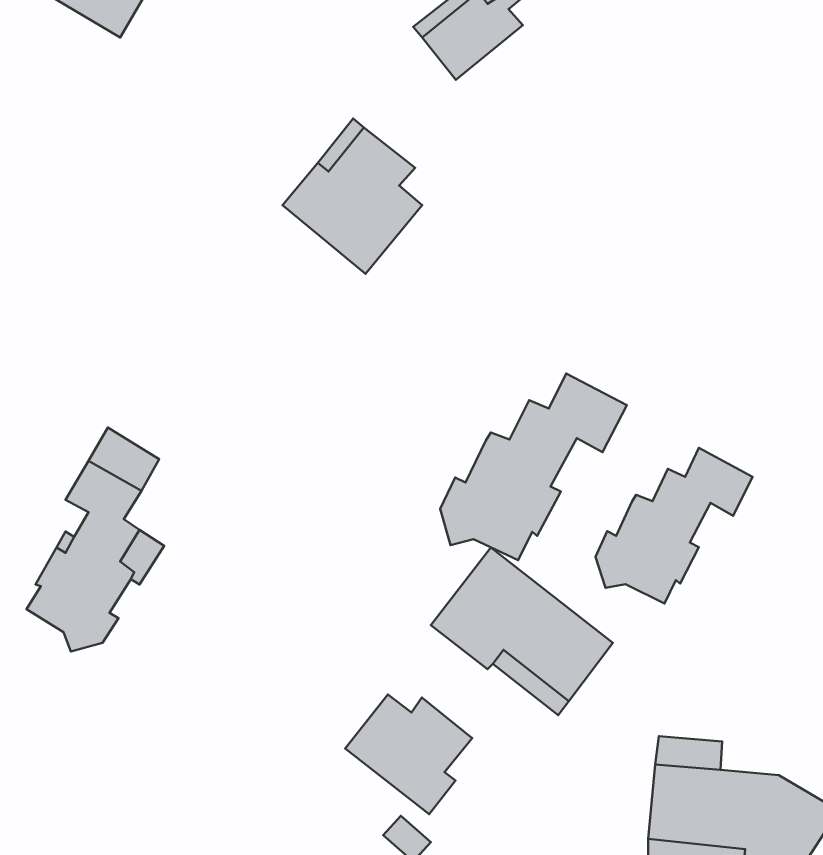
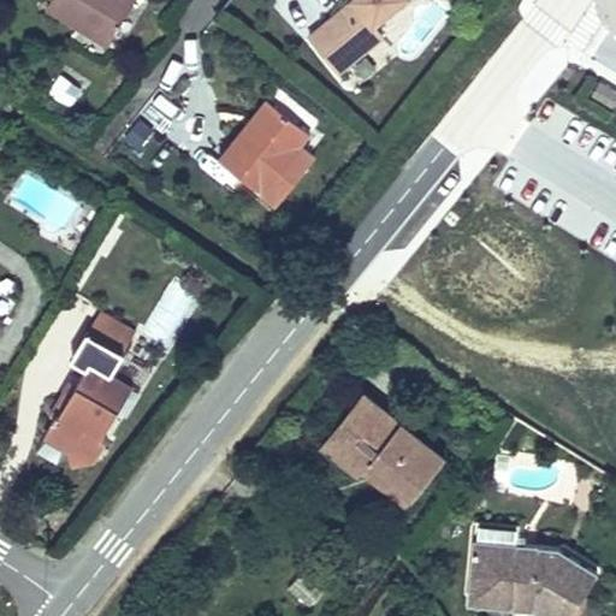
building: [440,373,627,560] -> none
building: [595,448,752,603] -> none
building: [345,694,472,814] -> none

